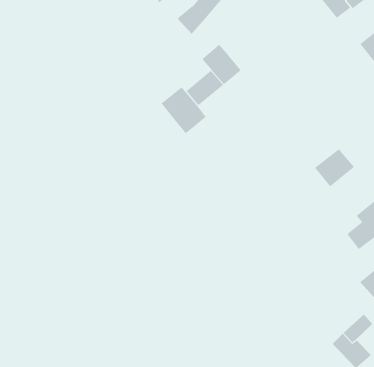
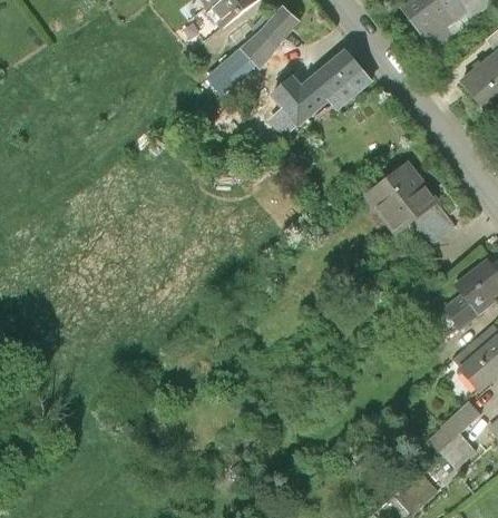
building: none -> [208,46,254,89]
building: none -> [303,56,367,108]
building: [161,86,206,134] -> none
building: none -> [370,165,437,232]

